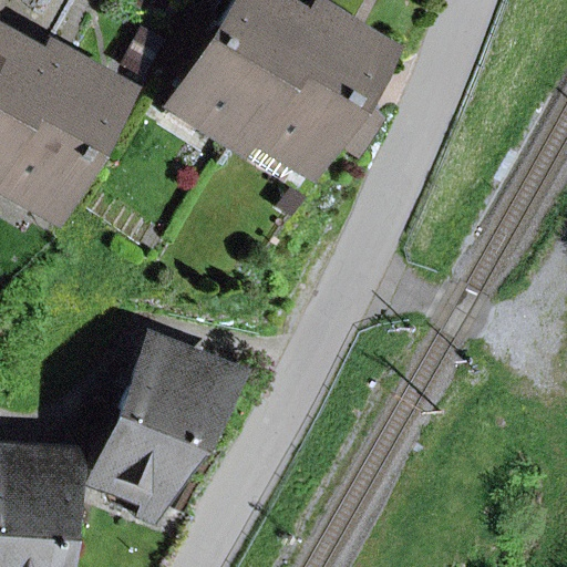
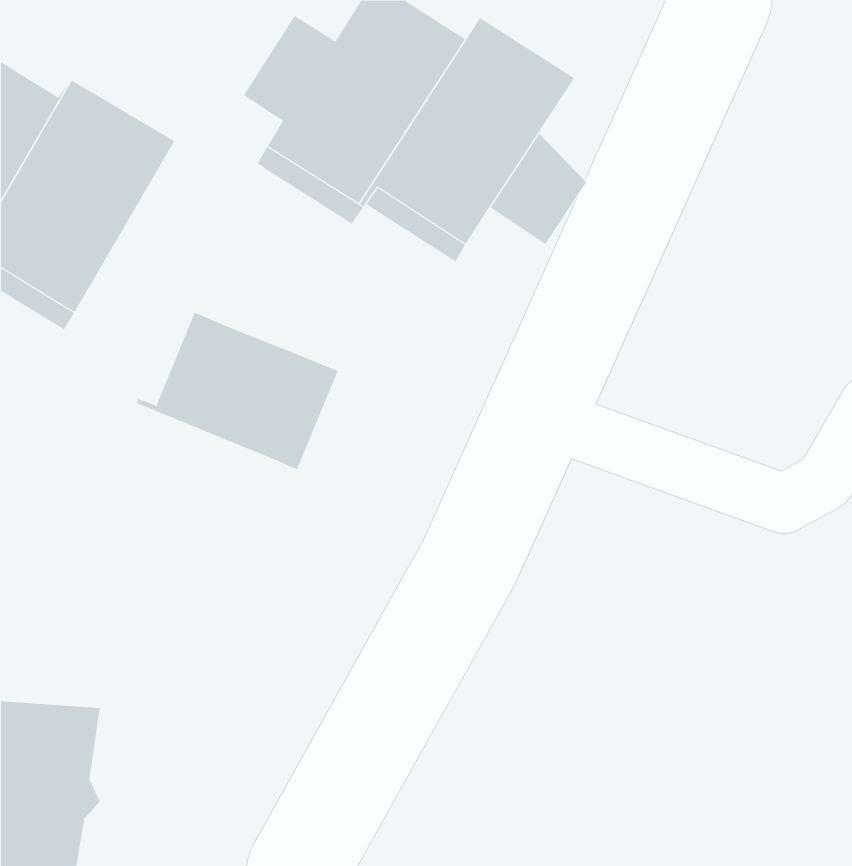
building: none -> [136,312,339,470]
building: [90,348,233,501] -> none

